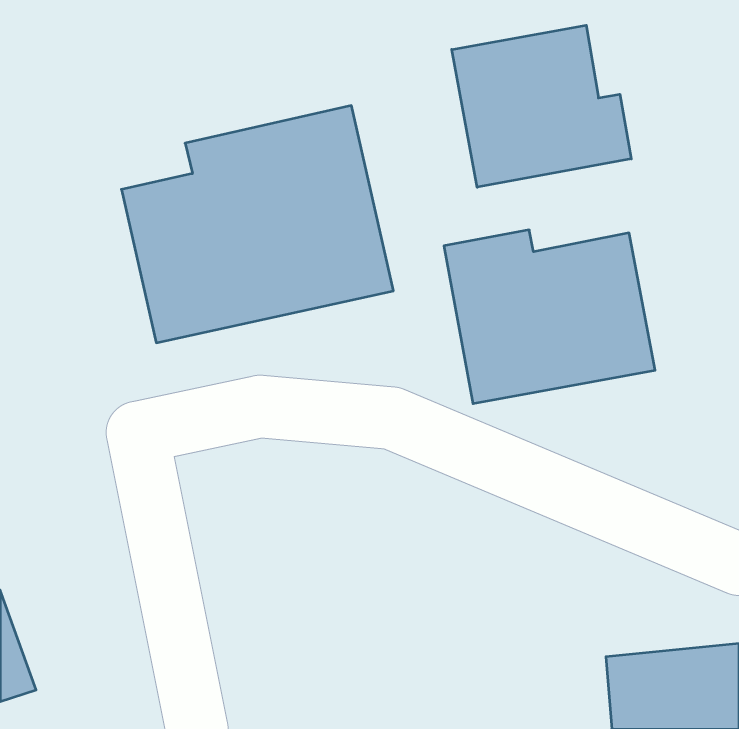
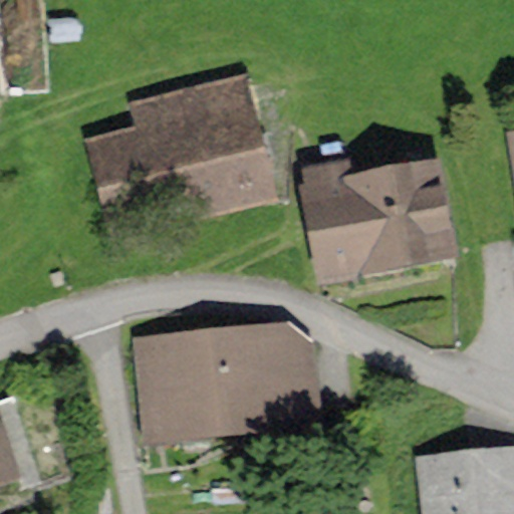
building: [452,25,631,187] -> none
building: none -> [131,319,325,445]

